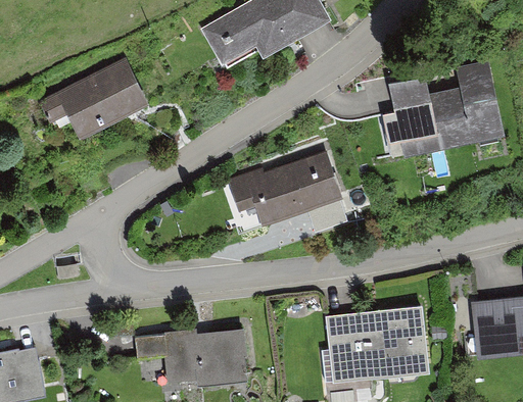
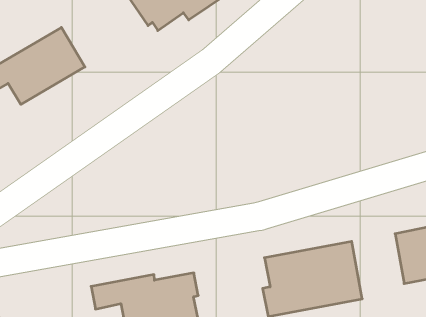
building: [384,67,504,154] -> none
building: [226,156,341,224] -> none

